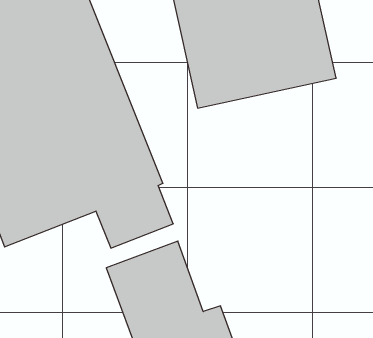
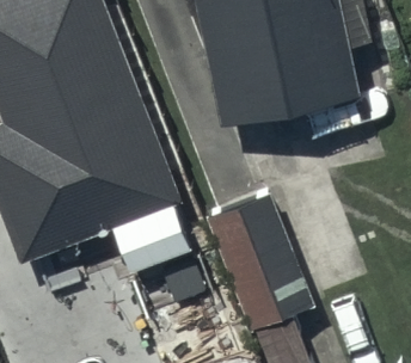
building: none -> [207,192,314,331]

